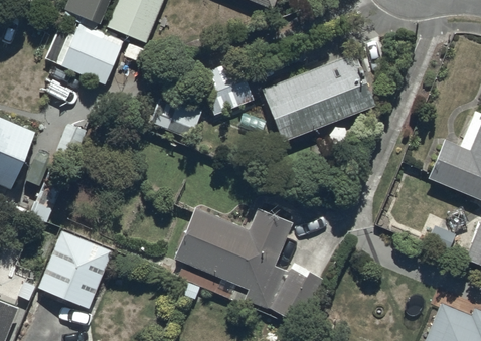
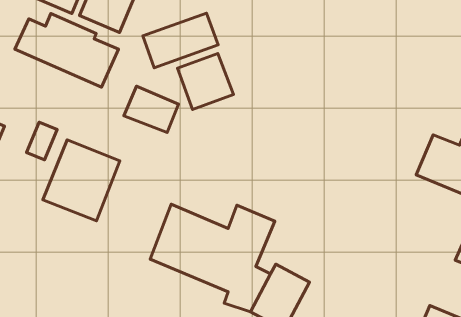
building: none -> [143,13,218,68]
building: [262,52,374,142] -> none
building: [38,231,112,309] -> [43,140,120,221]

